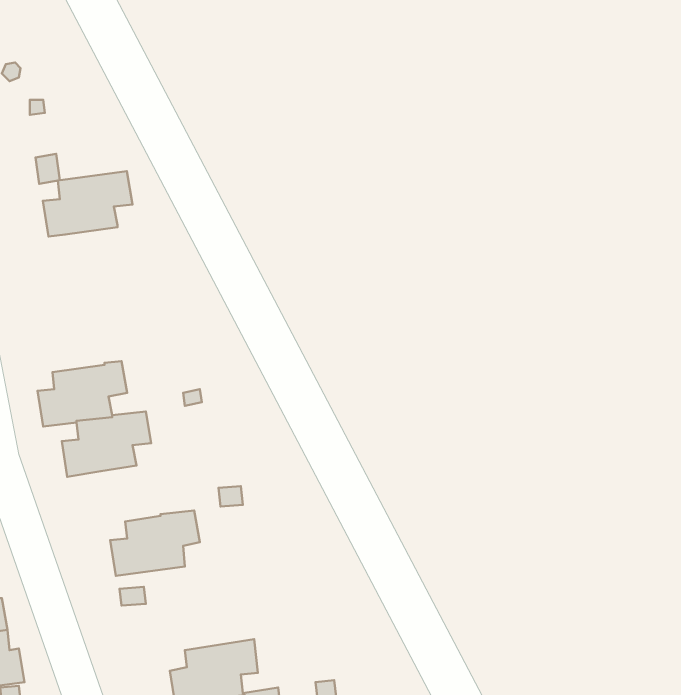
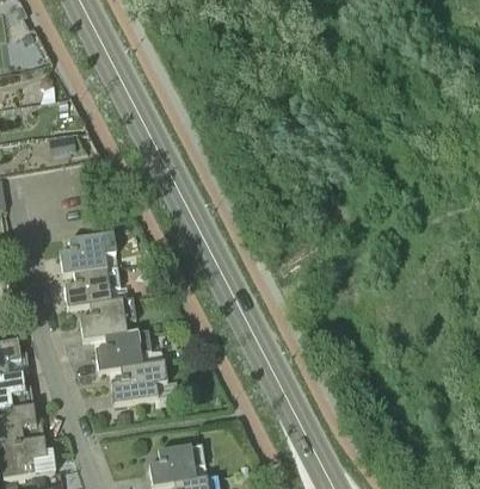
building: [43,171,132,236] -> [59,231,116,273]
building: none -> [94,328,152,371]

